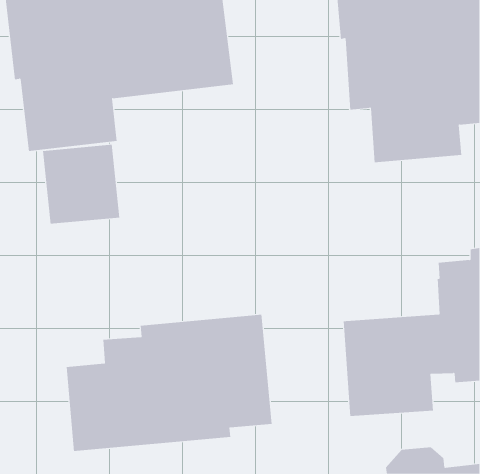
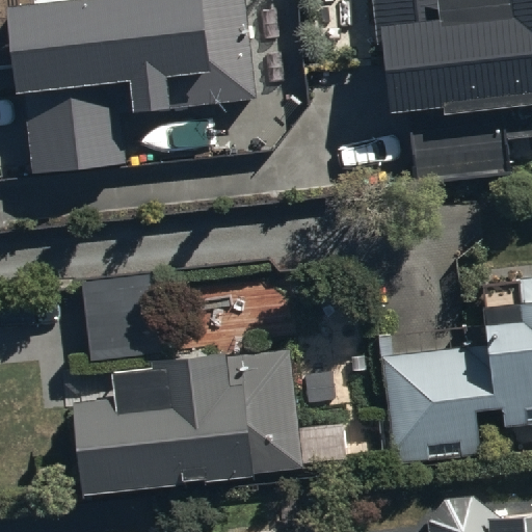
building: [42,144,120,224] -> [81,270,167,358]

